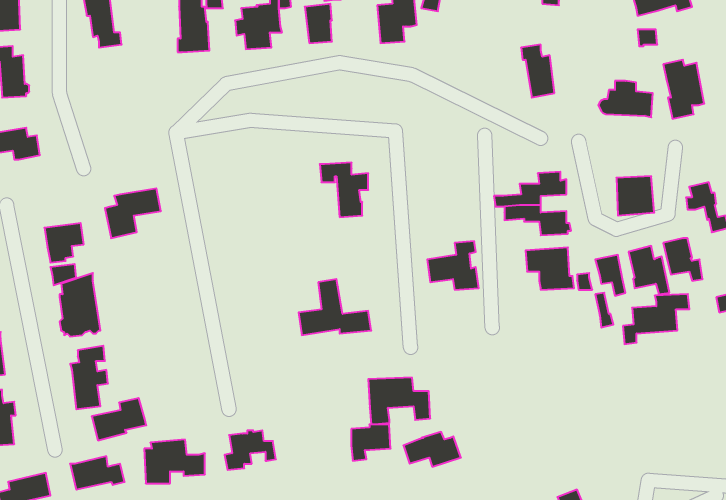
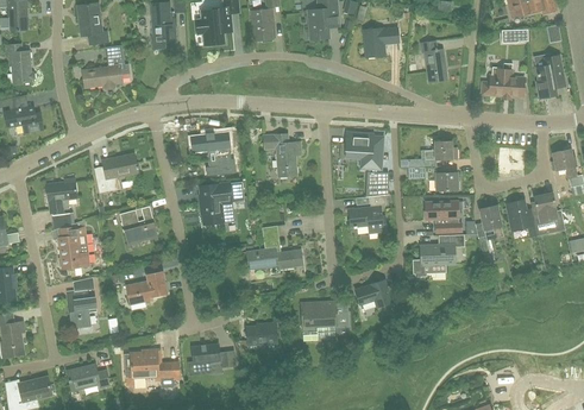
building: none -> [364,27,400,57]
building: none -> [86,56,130,94]
building: none -> [191,131,237,174]
building: none -> [346,132,383,169]
building: none -> [199,179,244,223]
building: none -> [120,208,158,247]
building: [623,294,689,344] -> [413,234,465,273]
building: [92,398,146,440] -> [125,271,168,304]
building: [351,424,391,461] -> [246,323,277,352]
building: [403,432,461,467] -> [354,279,400,307]

